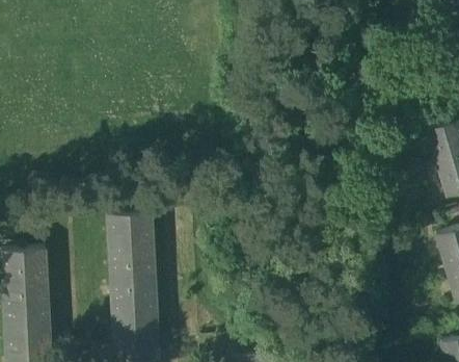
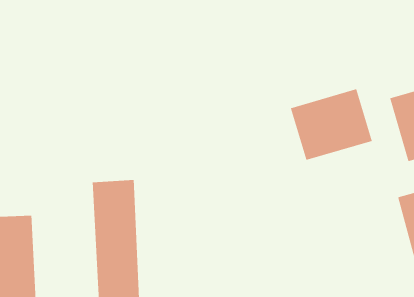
building: none -> [290,88,373,161]

